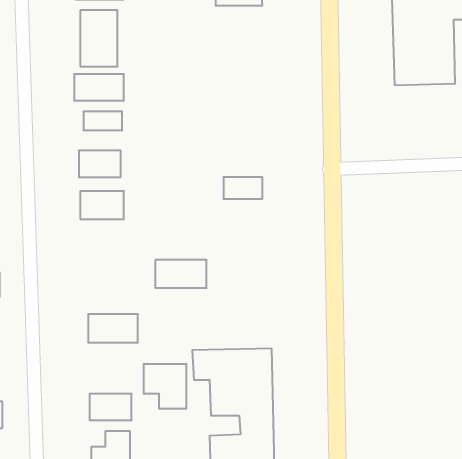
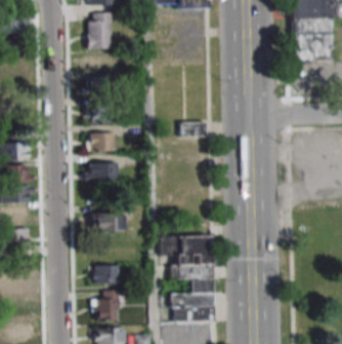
building: [155,260,207,288] -> [86,163,120,182]
building: [144,364,186,409] -> none

